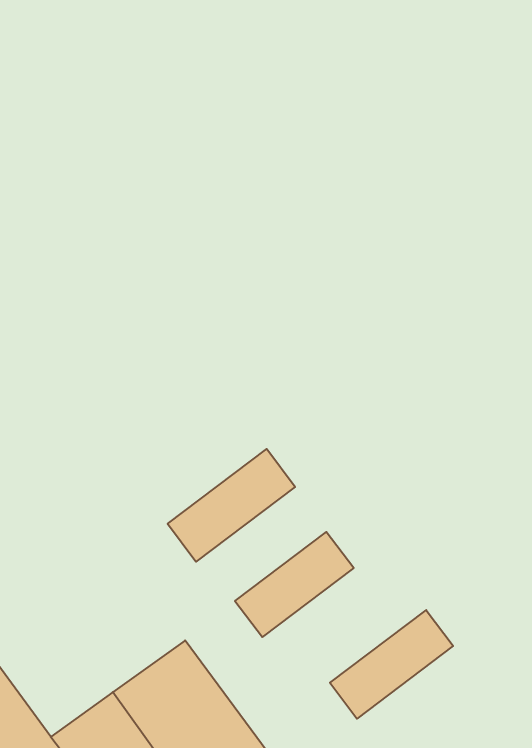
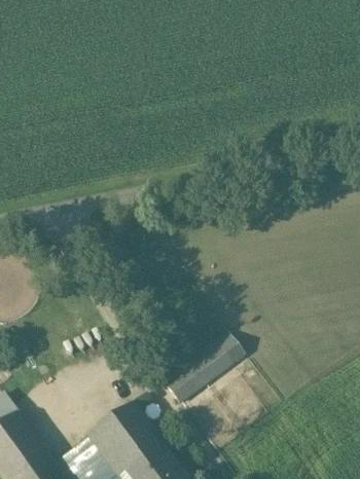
building: [168,449,295,562] -> none
building: [330,610,453,719] -> none

